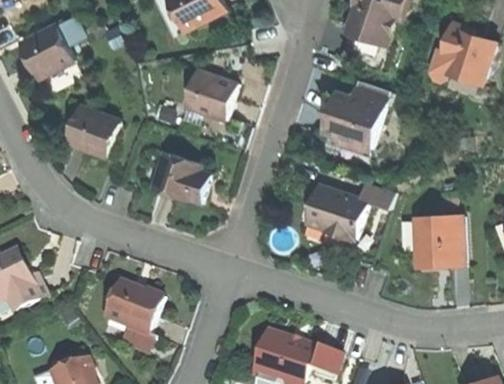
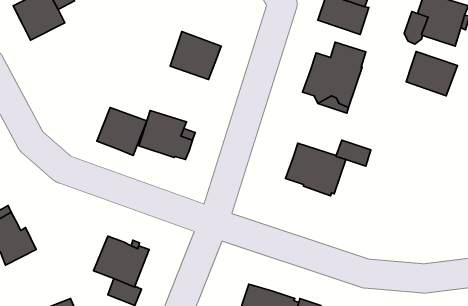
building: none -> [406,52,457,96]
building: [65,106,117,156] -> [97,108,147,156]
building: [412,215,463,267] -> none

